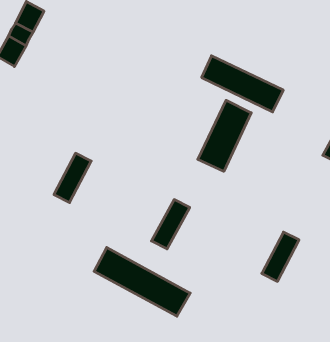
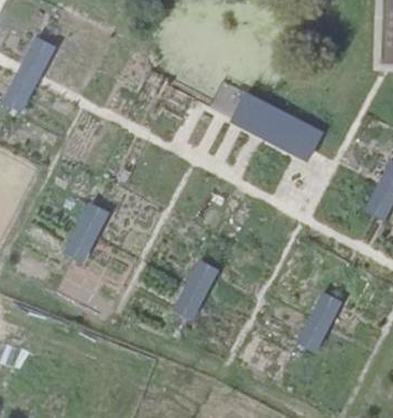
building: [198,100,251,171] -> none
building: [94,247,190,316] -> none

